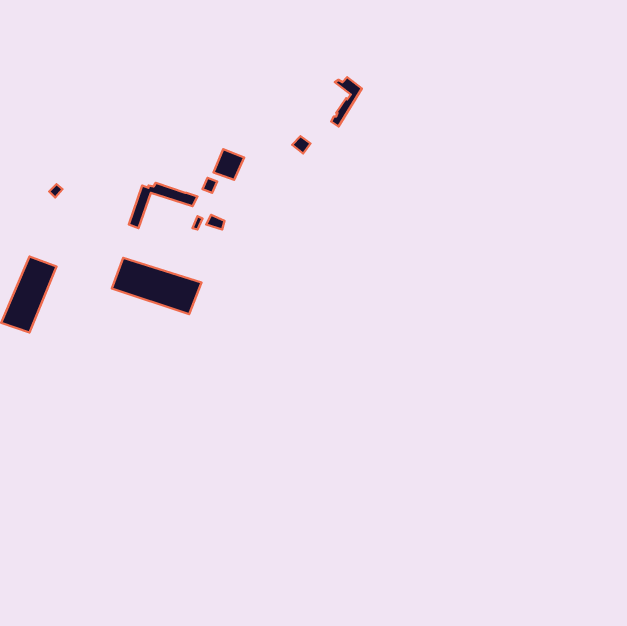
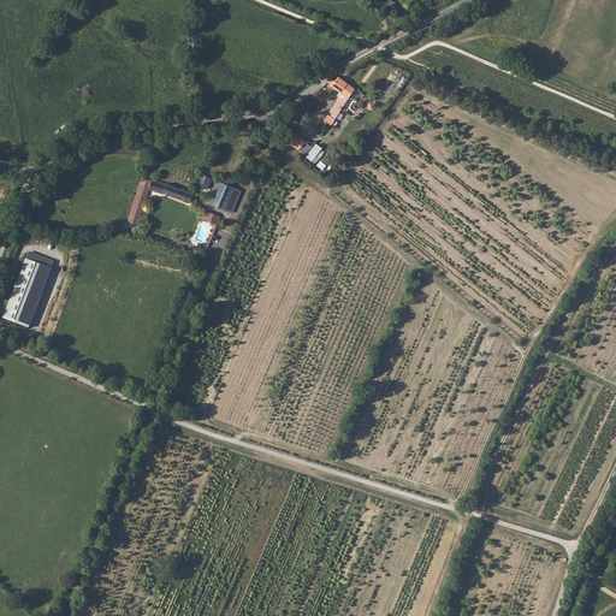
building: [213,149,244,180] -> [212,184,242,214]
building: [112,258,202,314] -> none

